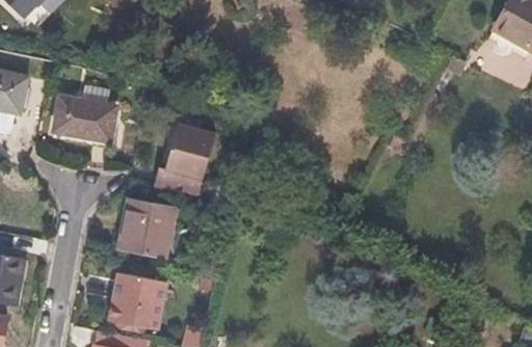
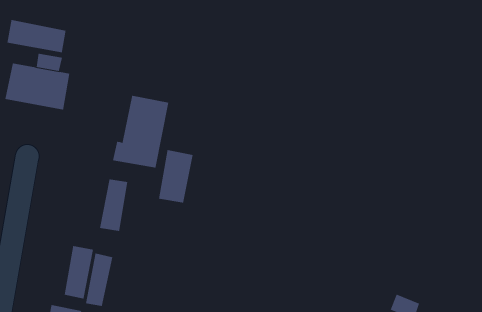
building: none -> [7,19,66,53]
building: [118,199,153,251] -> [158,149,194,203]

